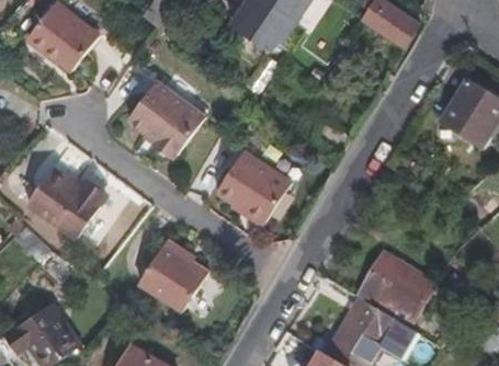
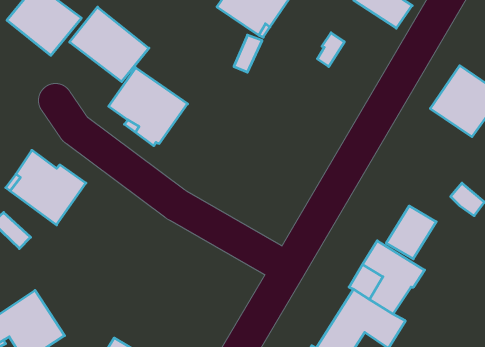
building: none -> [70,7,149,82]
building: [212,146,288,221] -> none
building: none -> [386,206,436,259]
building: [137,238,206,308] -> none

